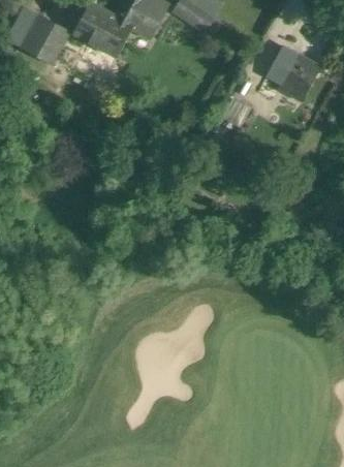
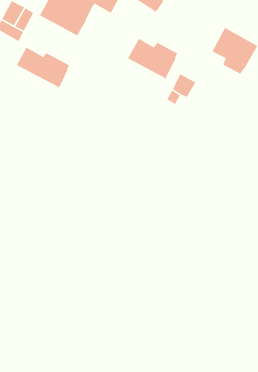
building: none -> [127,37,178,80]
building: none -> [16,46,70,89]

